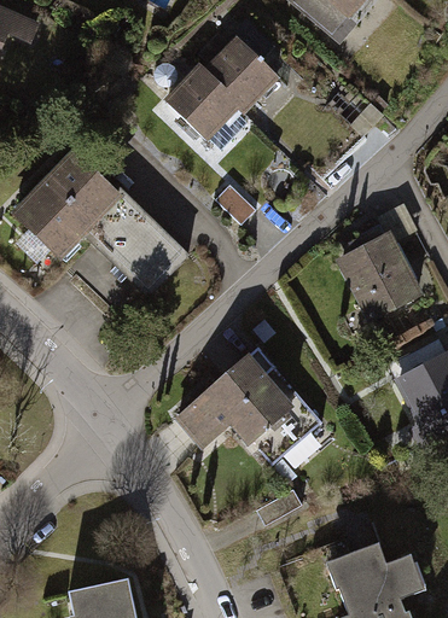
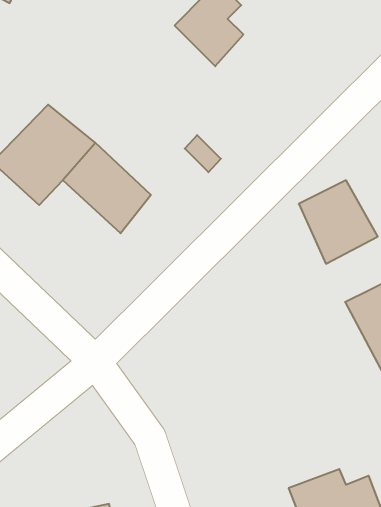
building: [164,60,243,140] -> none
building: [175,346,338,483] -> none

